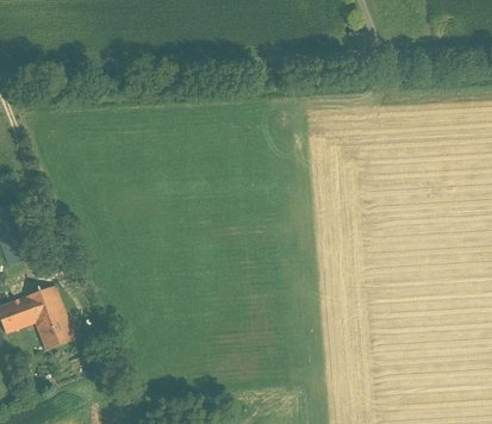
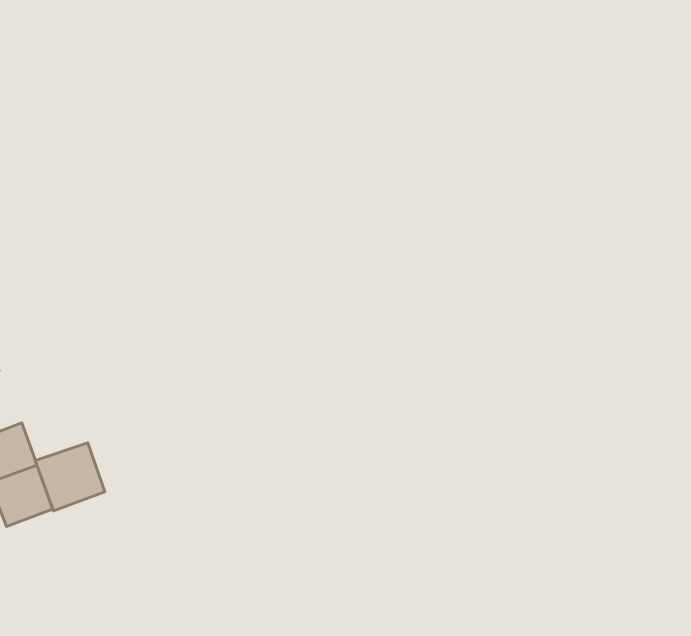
building: none -> [35,443,105,511]

